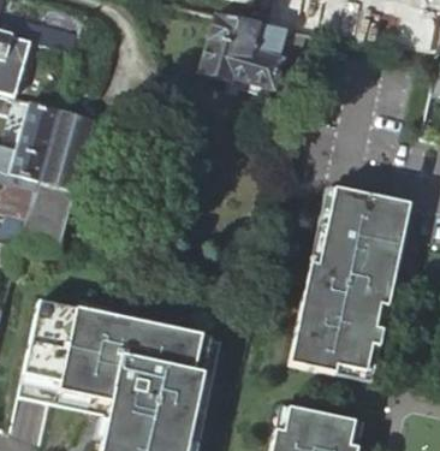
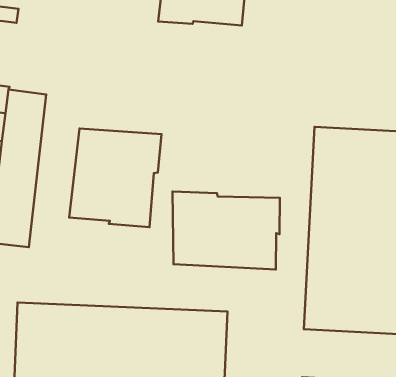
building: none -> [69,129,162,227]
building: none -> [173,191,280,269]

